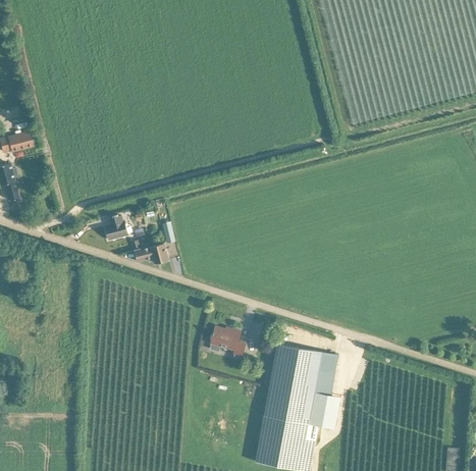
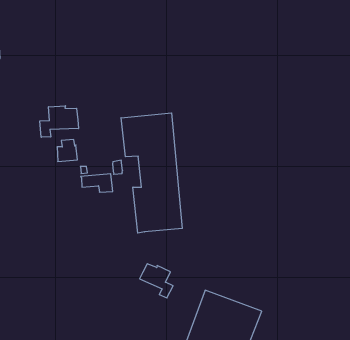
building: none -> [121,113,182,233]
building: none -> [40,106,78,137]

